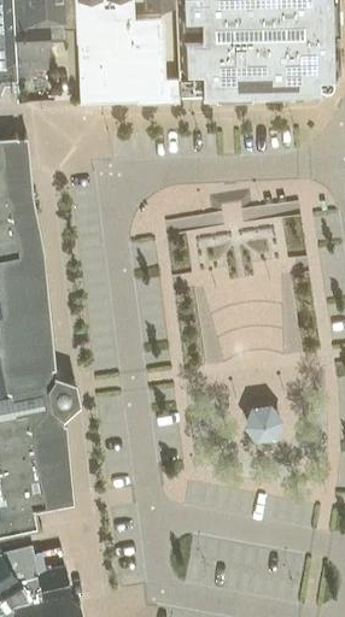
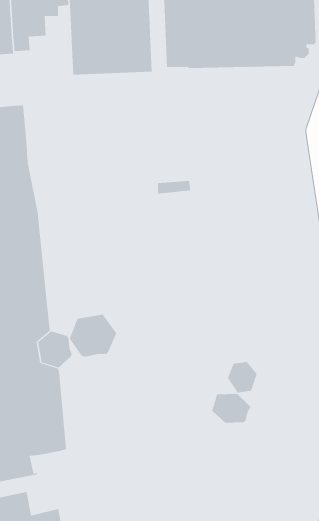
building: none -> [69,314,117,358]
building: none -> [211,393,251,423]

